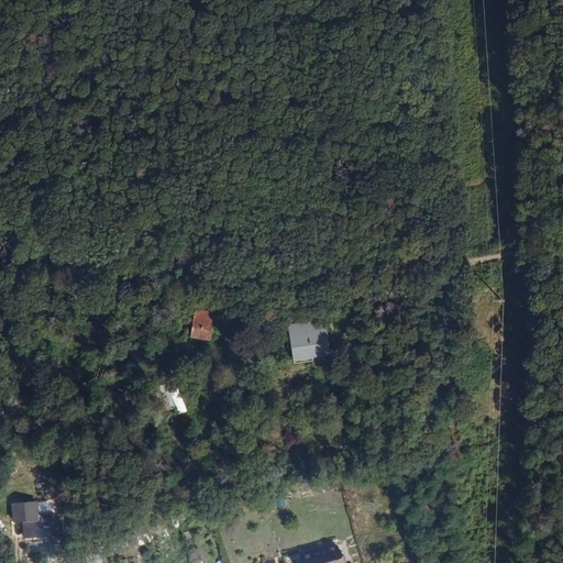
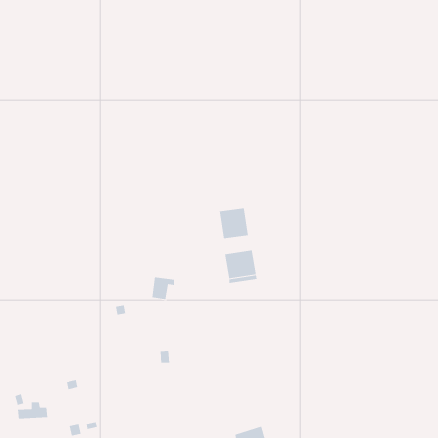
building: none -> [219,208,249,239]
building: [190,311,220,341] -> [152,277,175,300]

